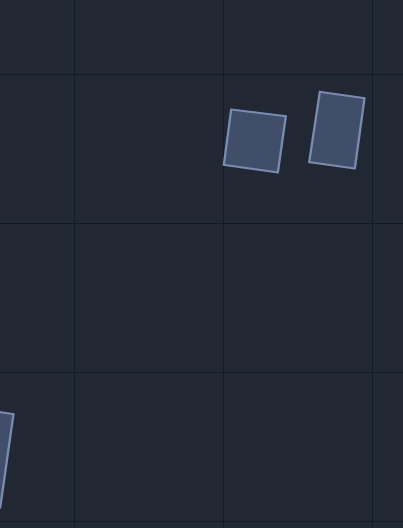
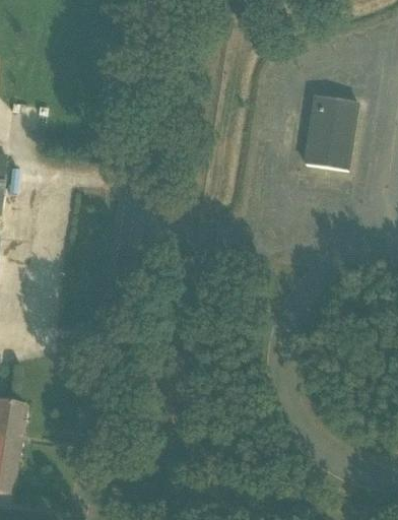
building: [224,109,286,173] -> none

